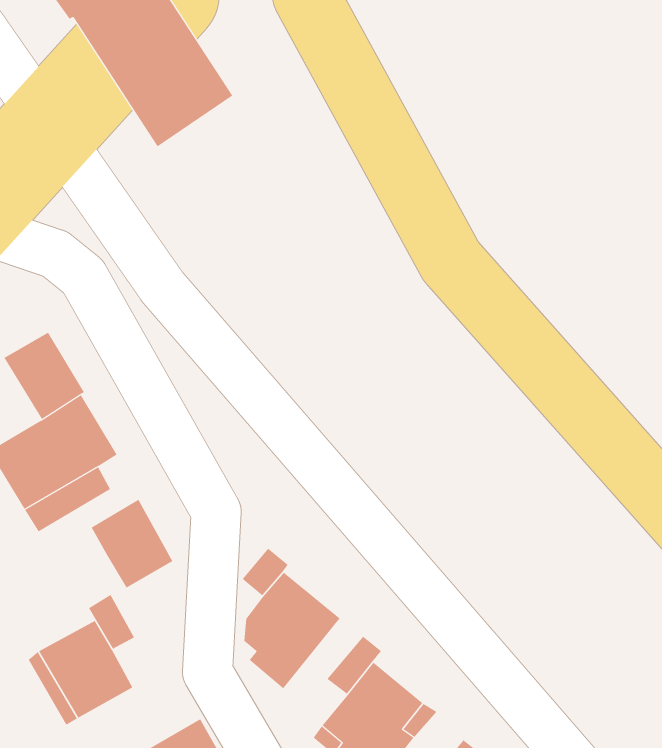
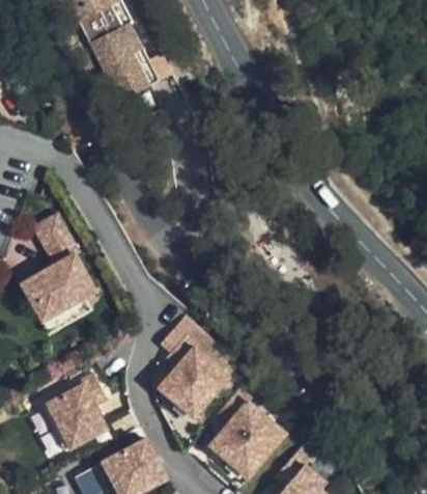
building: [91,499,173,589] -> none

